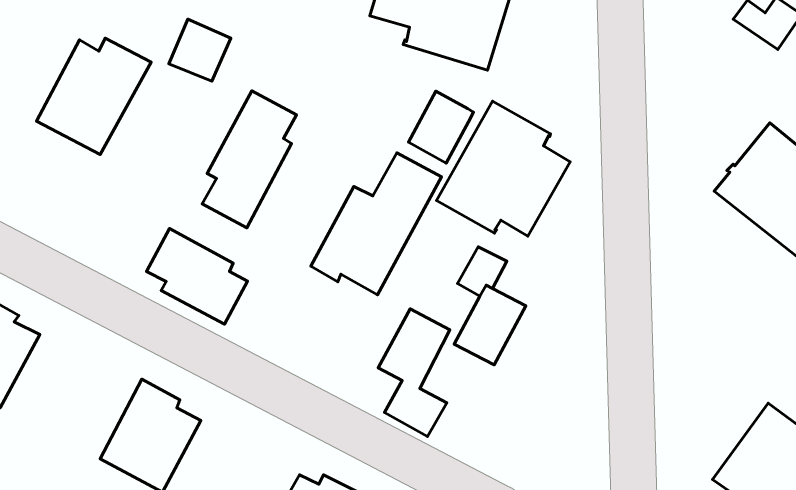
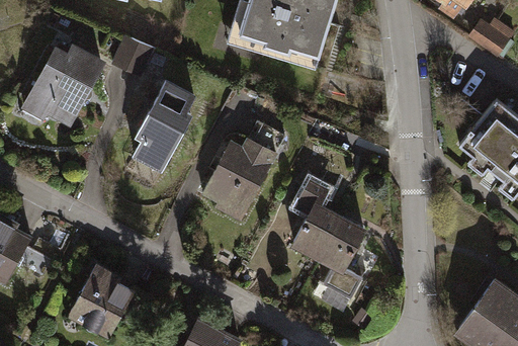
building: [409,91,473,163] -> none
building: [437,101,570,236] -> none
building: [146,229,248,324] -> none
building: [378,309,450,436] -> [319,218,364,298]

